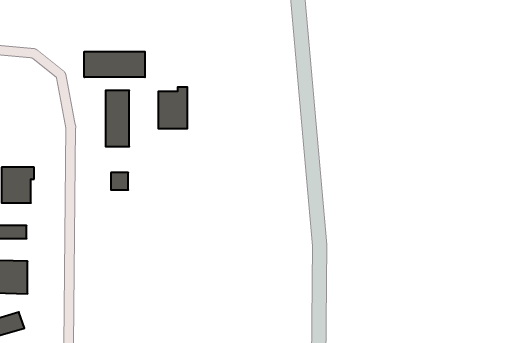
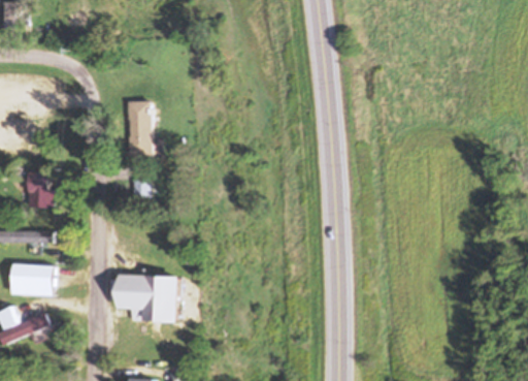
building: [84,52,145,77] -> none
building: [158,87,187,129] -> none
building: none -> [118,274,178,320]

